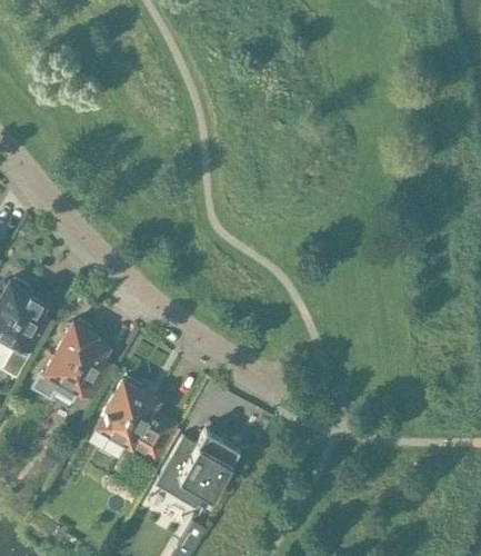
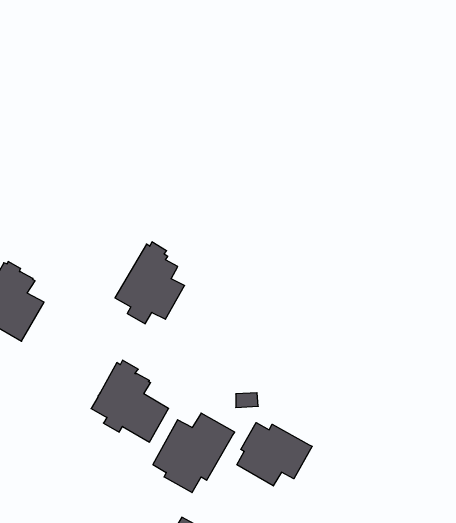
building: [42,321,111,403] -> [115,242,185,324]
building: none -> [237,423,312,486]

